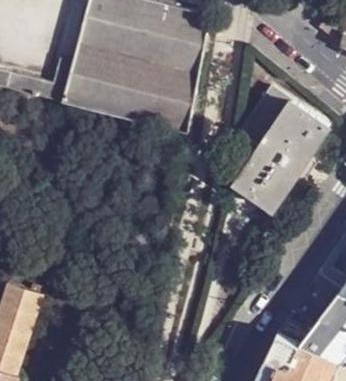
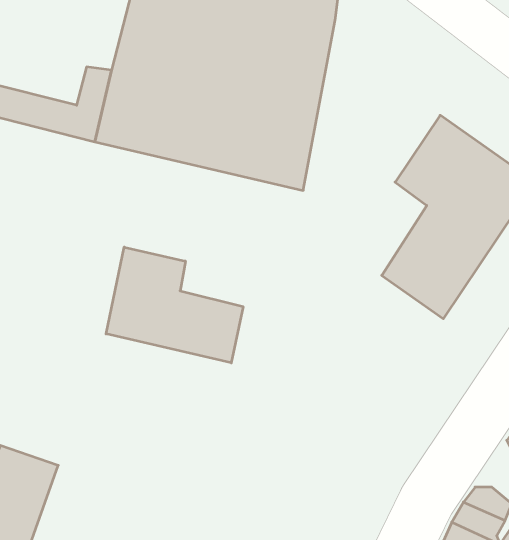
building: none -> [106,247,243,363]

